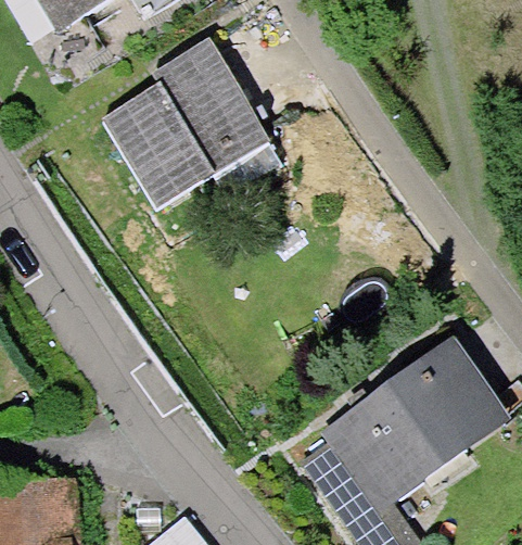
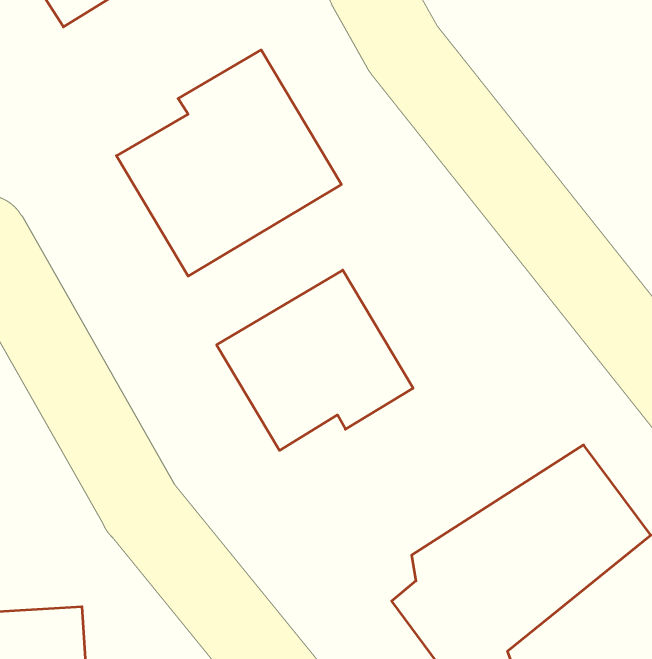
building: none -> [217,270,413,450]

